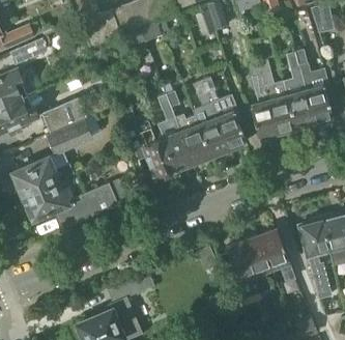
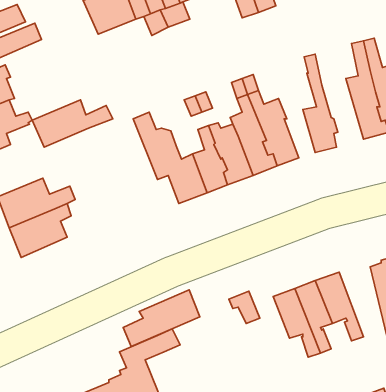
building: [258,59,295,134] -> none
building: [47,119,92,155] -> none
building: [57,183,116,227] -> [123,290,200,347]

